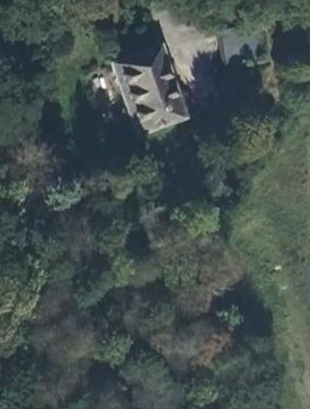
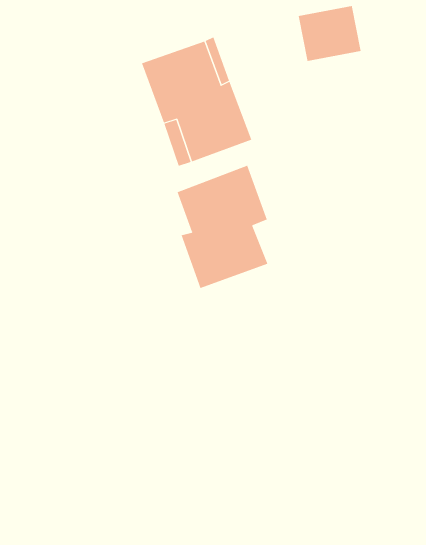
building: none -> [177,165,268,289]

